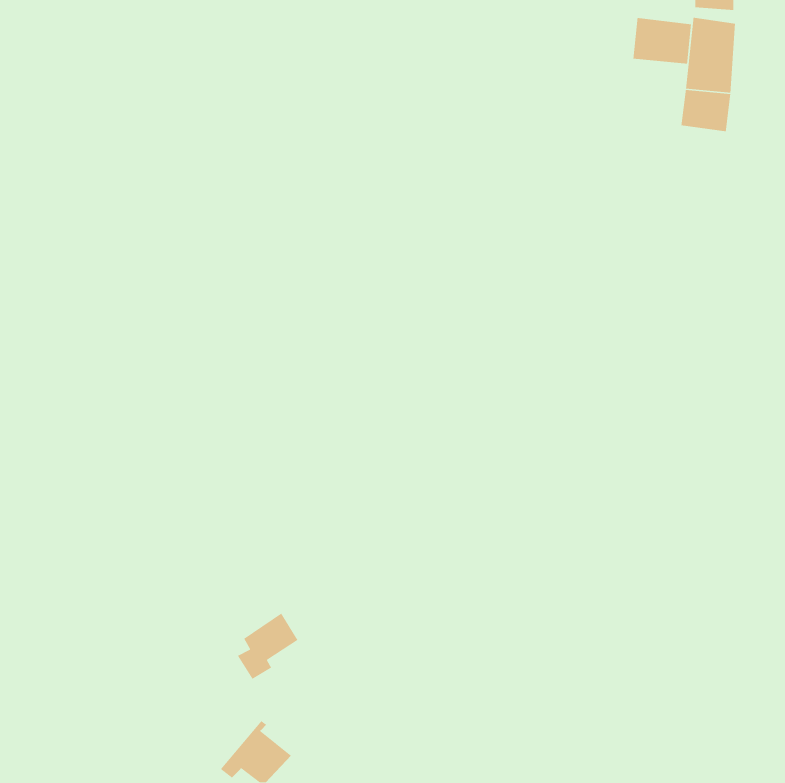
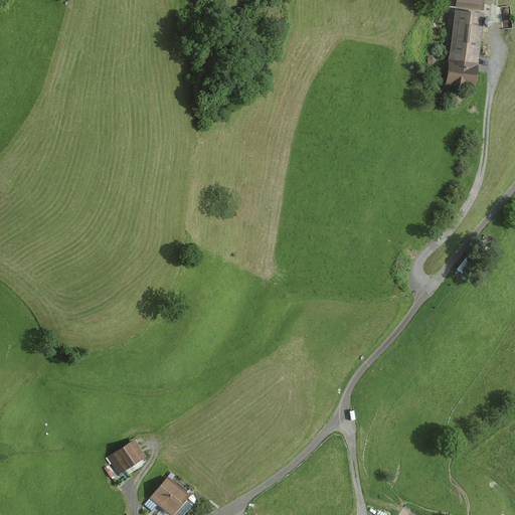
building: [633,17,692,65] -> none
building: [237,612,298,680] -> [105,439,145,483]

